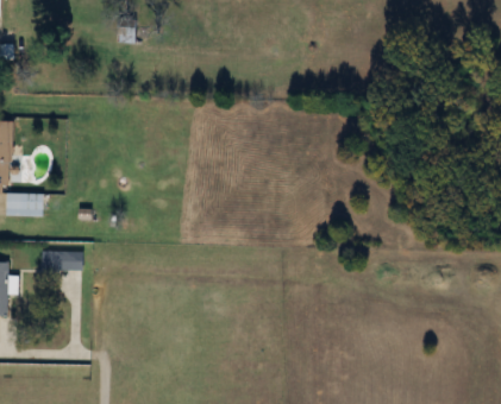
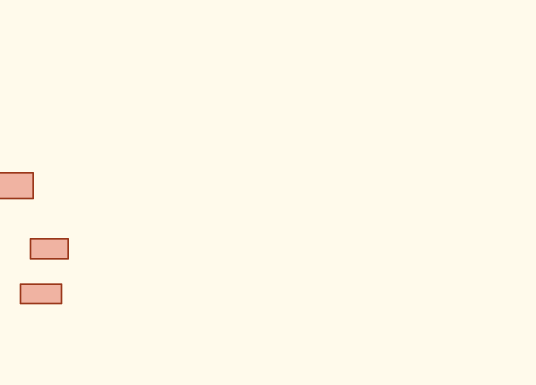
building: none -> [20,284,62,303]

